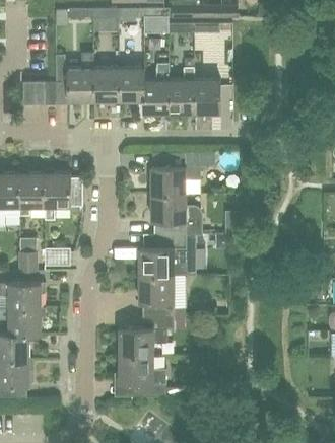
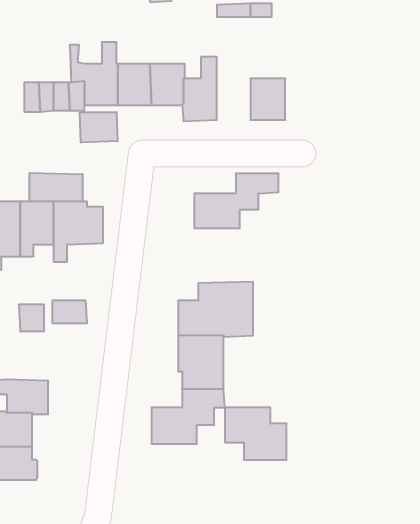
building: [169,69,194,113] -> none
building: none -> [80,112,118,143]
building: none -> [30,173,82,202]
building: [151,195,202,236] -> none
building: [9,284,41,310] -> none
building: [119,358,165,397] -> [225,408,287,460]

